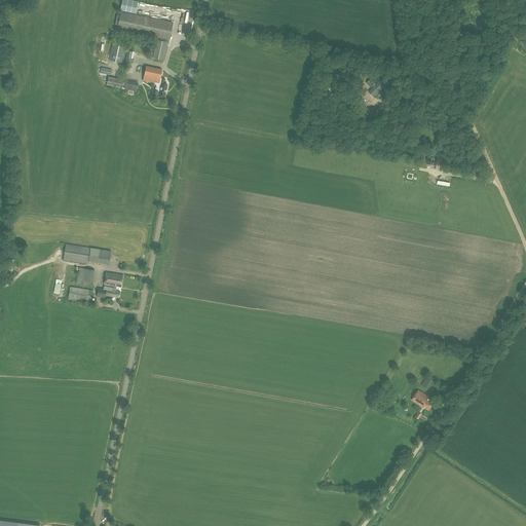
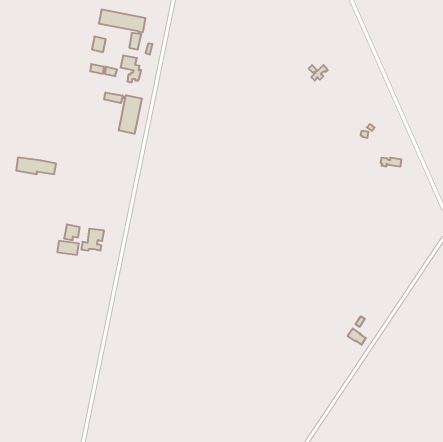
building: none -> [104,92,142,134]
building: [64,243,111,263] -> [16,158,56,174]

